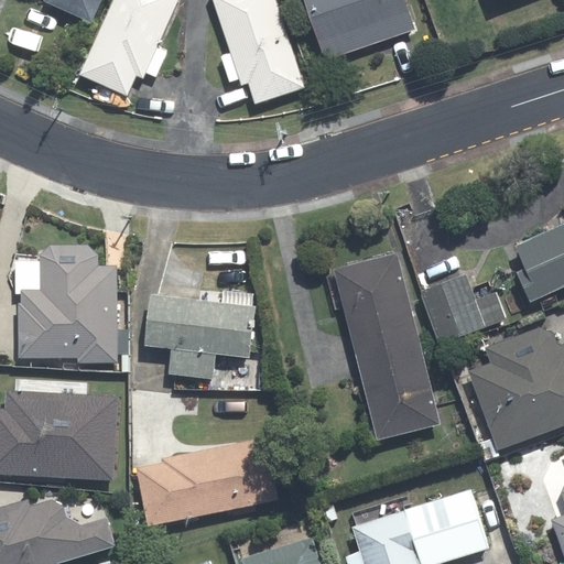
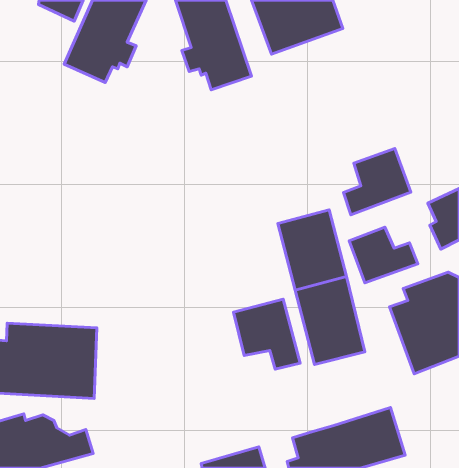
building: none -> [343,149,411,215]
building: [20,243,117,361] -> none
building: [147,289,256,378] -> none
building: none -> [233,299,300,369]
building: [135,436,278,525] -> none

